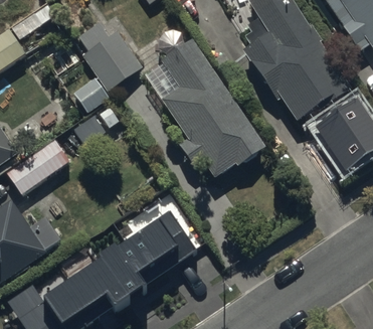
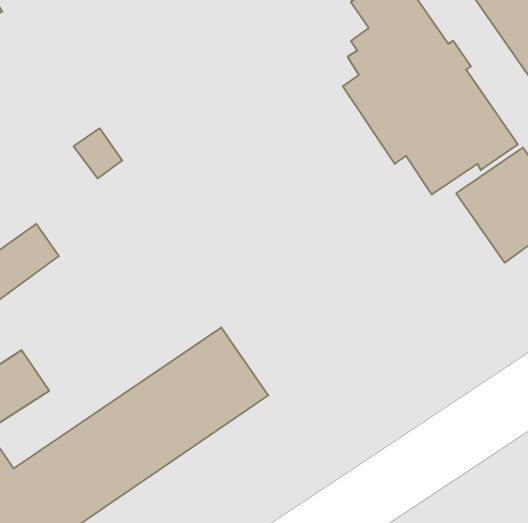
building: [79,22,142,91] -> none
building: [145,41,265,183] -> none

